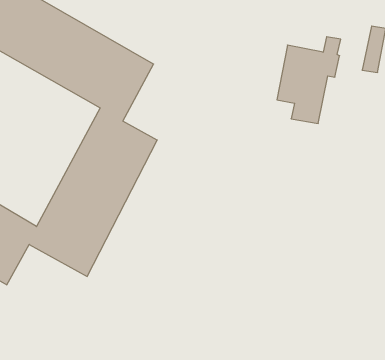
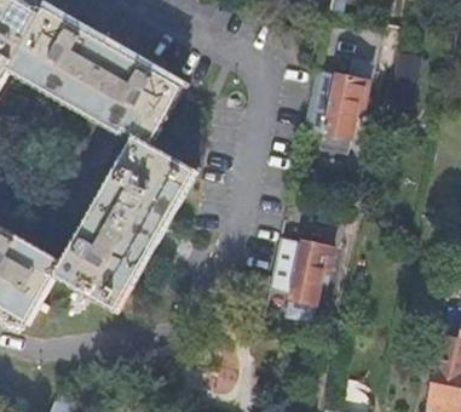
building: none -> [278,239,335,324]

